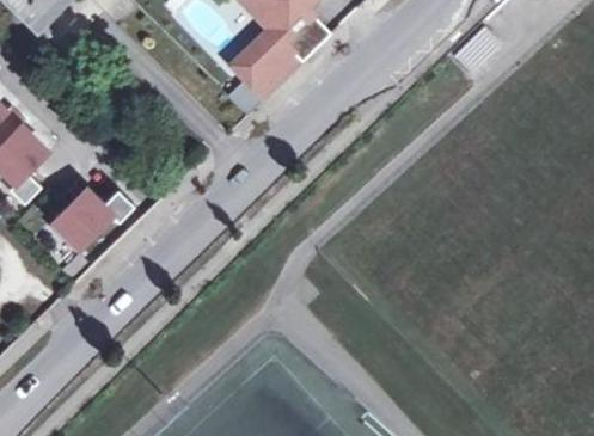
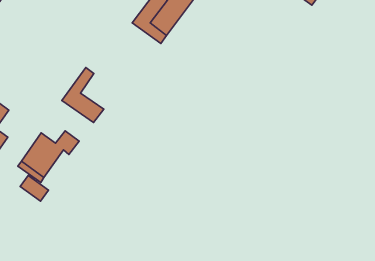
building: none -> [62,68,104,122]

